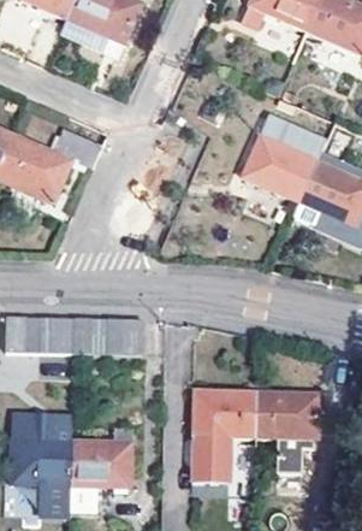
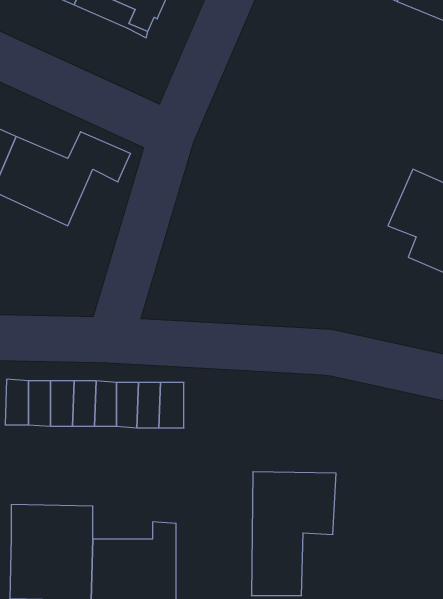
building: [241,131,318,200] -> none
building: [256,390,320,473] -> none

